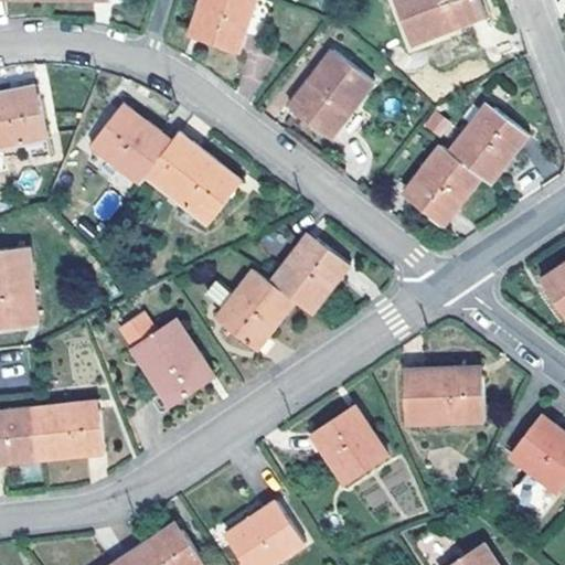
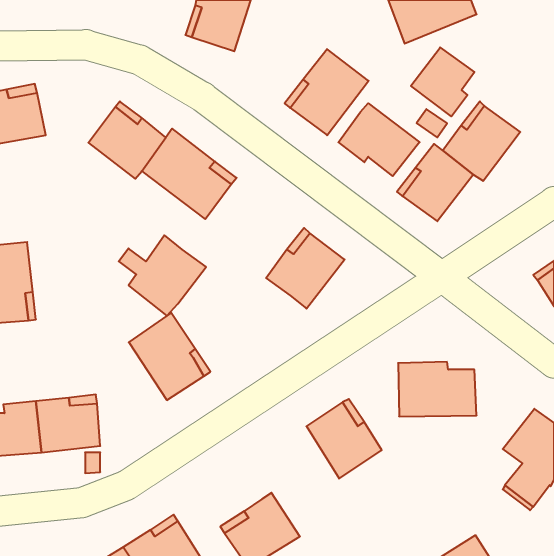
building: none -> [411,47,474,116]
building: none -> [338,103,420,176]
building: [205,268,294,350] -> [119,235,206,316]

